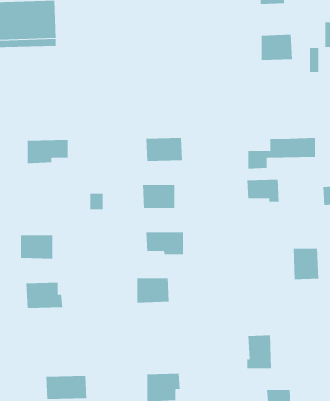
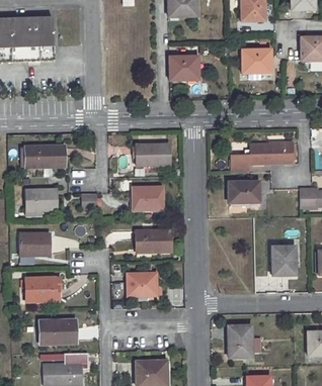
building: none -> [169,55,199,78]
building: none -> [26,188,57,209]
building: none -> [41,319,76,343]

